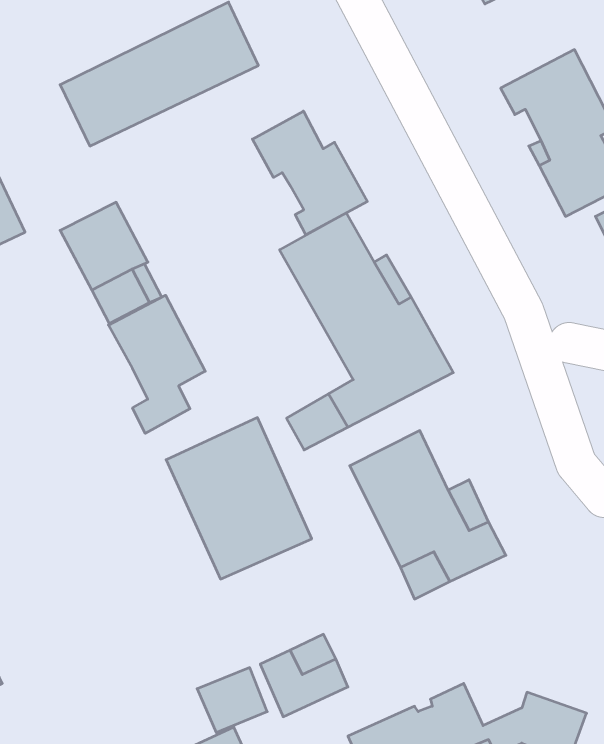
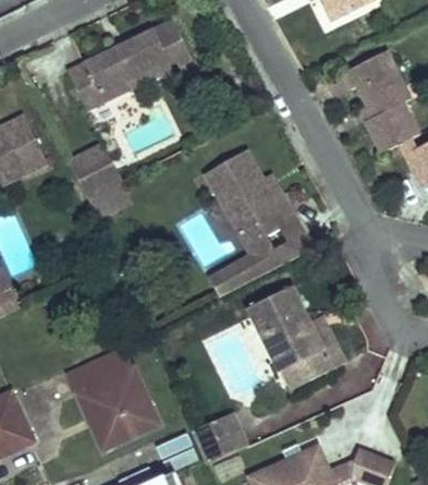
building: [252,111,367,235] -> none
building: [108,295,205,433] -> none
building: [166,418,312,579] -> [68,349,158,449]

